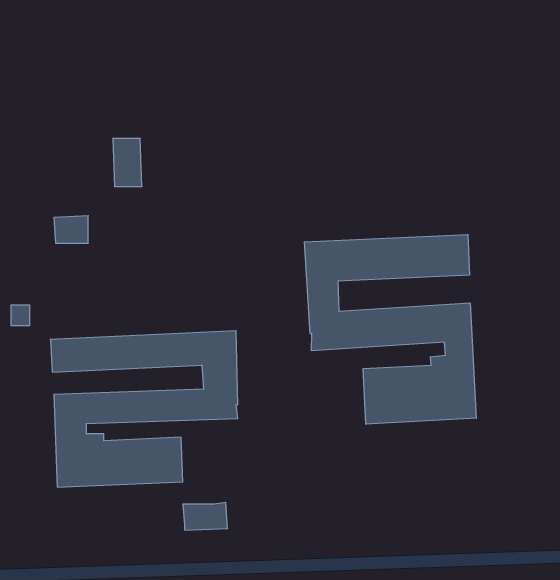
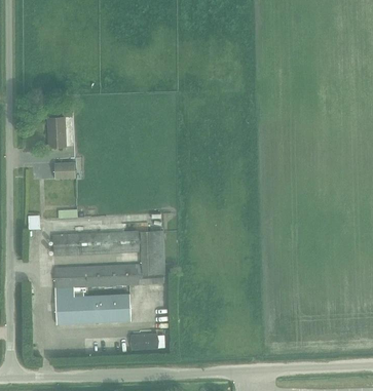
building: [113,138,142,186] -> [47,118,65,147]
building: [304,234,476,424] -> none

